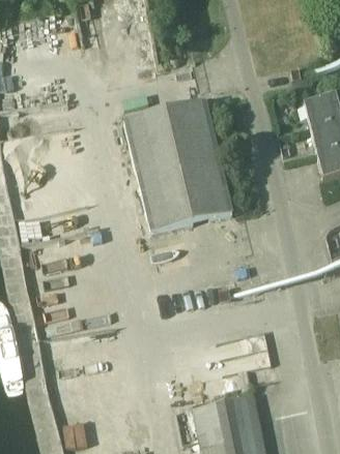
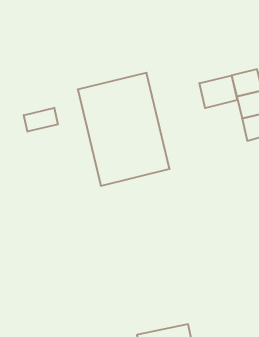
building: none -> [199,75,237,108]
building: none -> [24,108,58,132]

